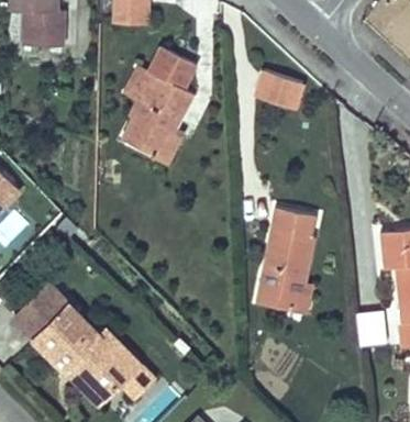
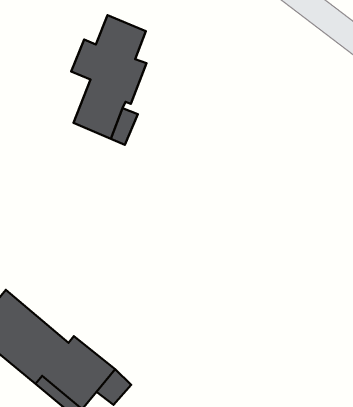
building: [255,71,303,111] -> none
building: [258,210,314,314] -> none

